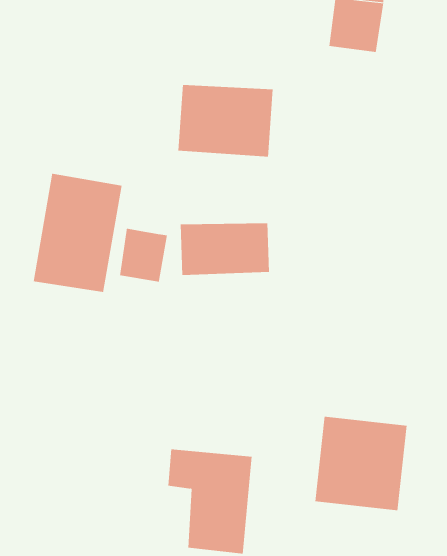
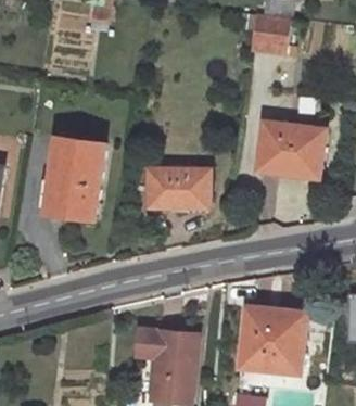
building: [178,84,274,157] -> [256,124,323,175]
building: [119,228,167,283] -> none

